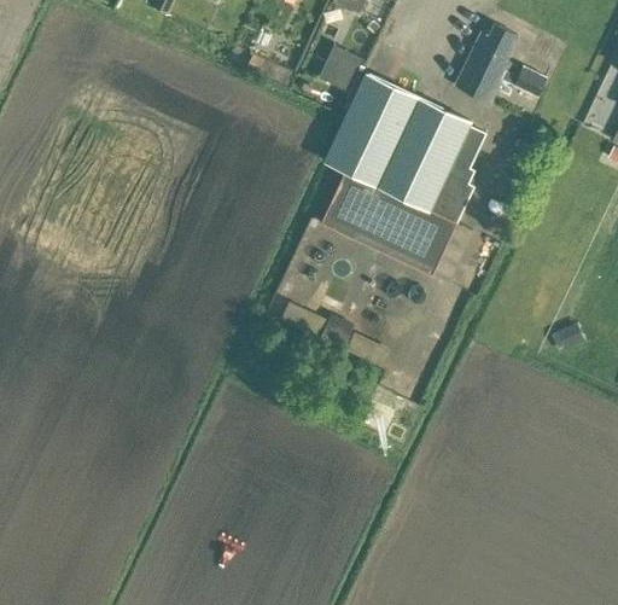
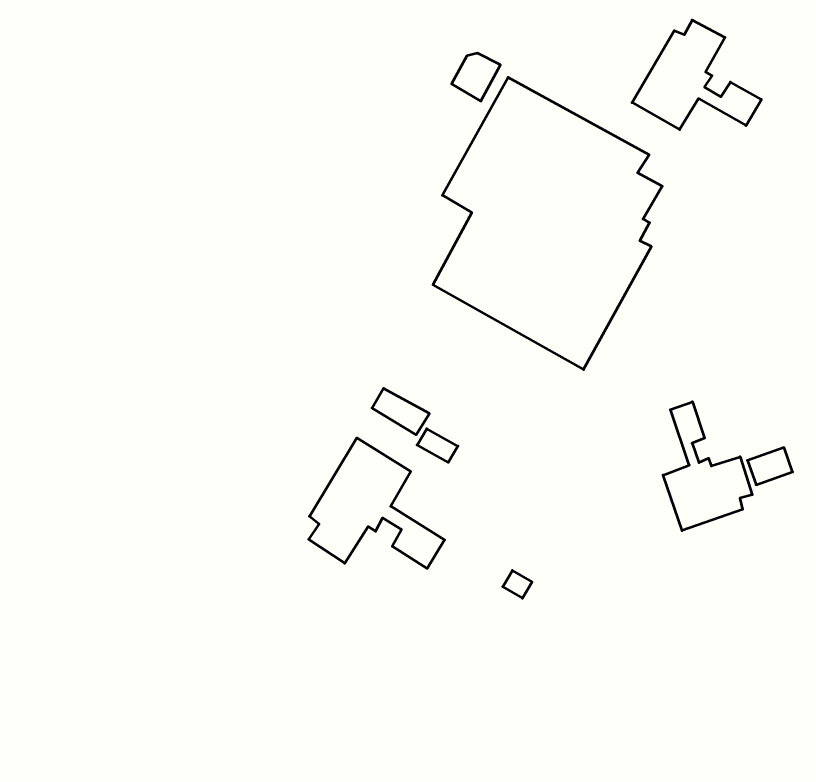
building: none -> [663,402,752,531]
building: none -> [309,438,445,568]

